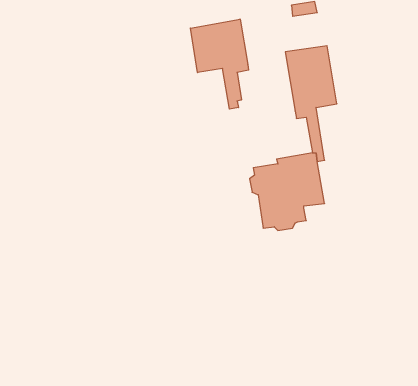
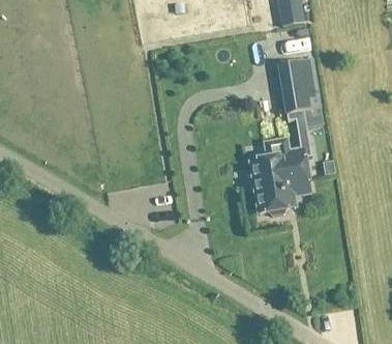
building: [190,19,249,109] -> none

